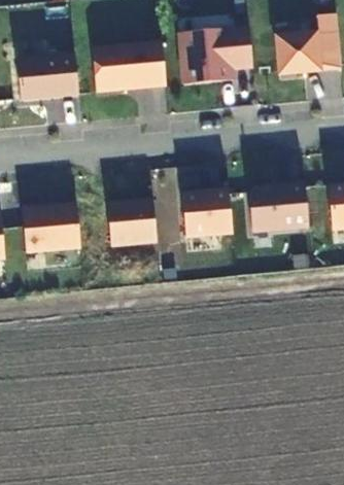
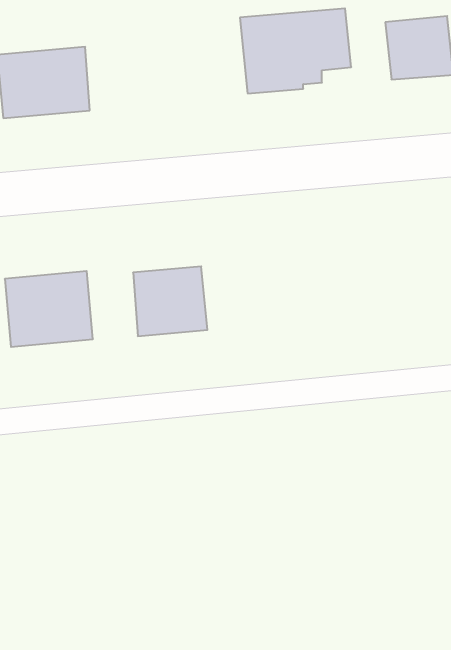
building: [92,40,166,92] -> none
building: [248,182,308,232] -> none
building: [181,188,232,237] -> none

